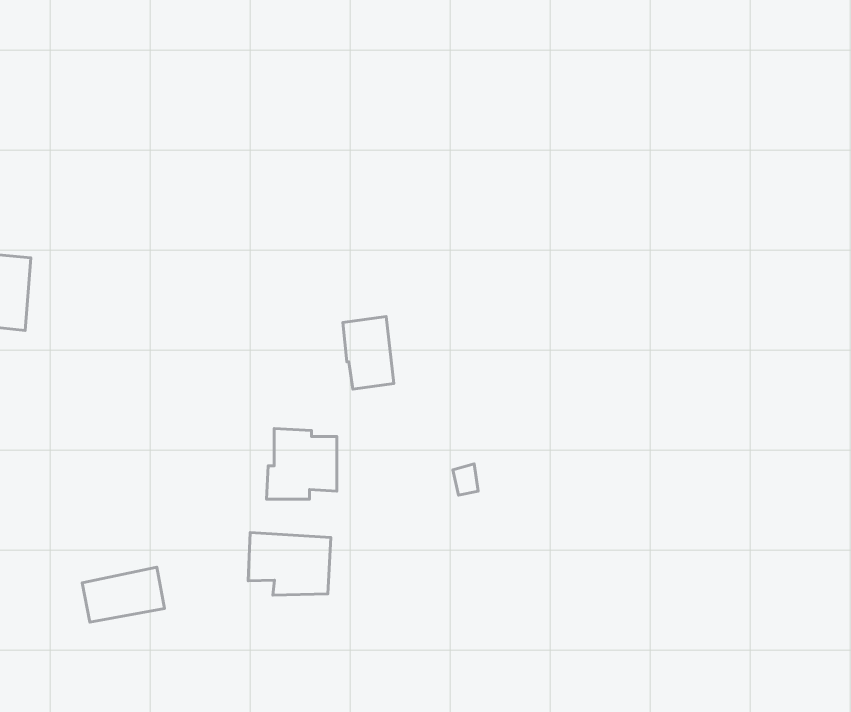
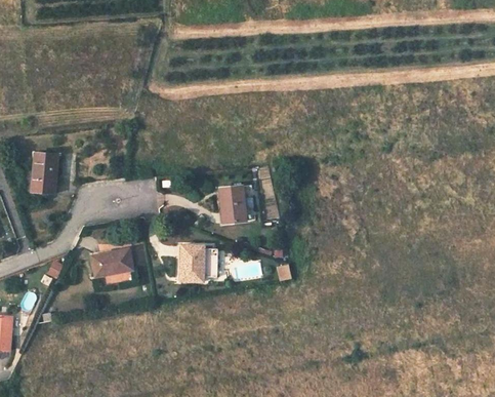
building: [248,532,331,595] -> none
building: [82,567,165,622] -> [89,248,132,277]

